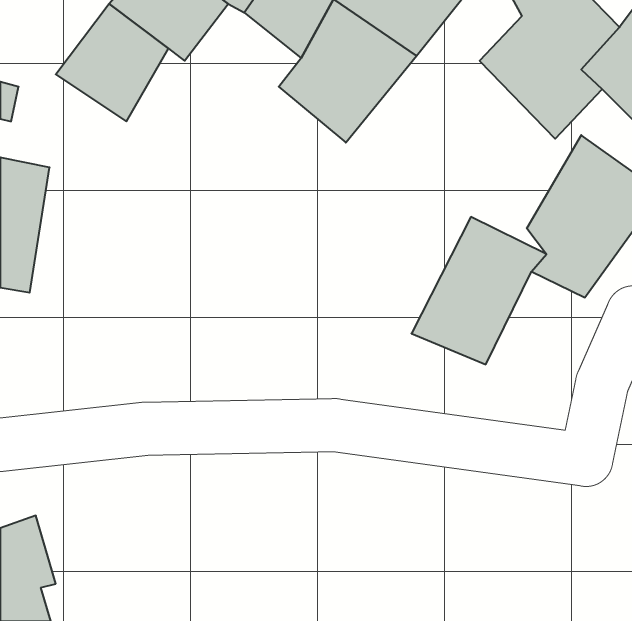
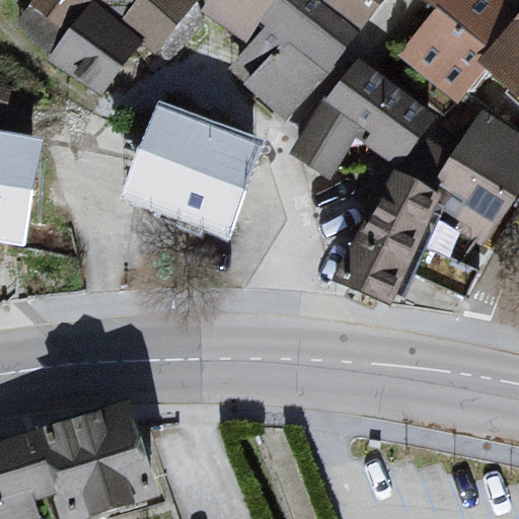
building: none -> [297,58,435,169]
building: none -> [122,104,262,236]
building: none -> [46,406,159,504]

